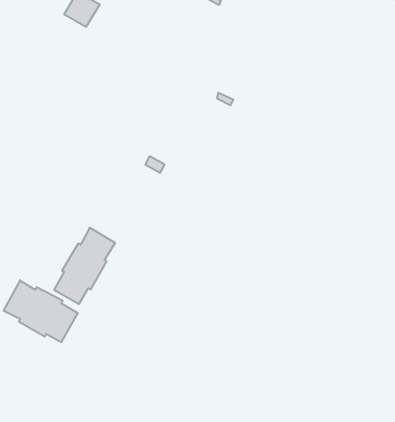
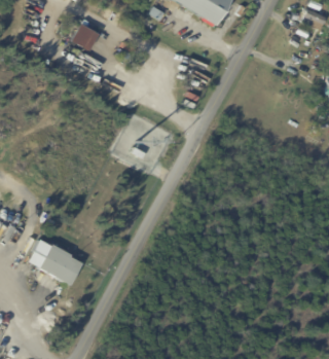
building: [54,228,115,304] -> none

